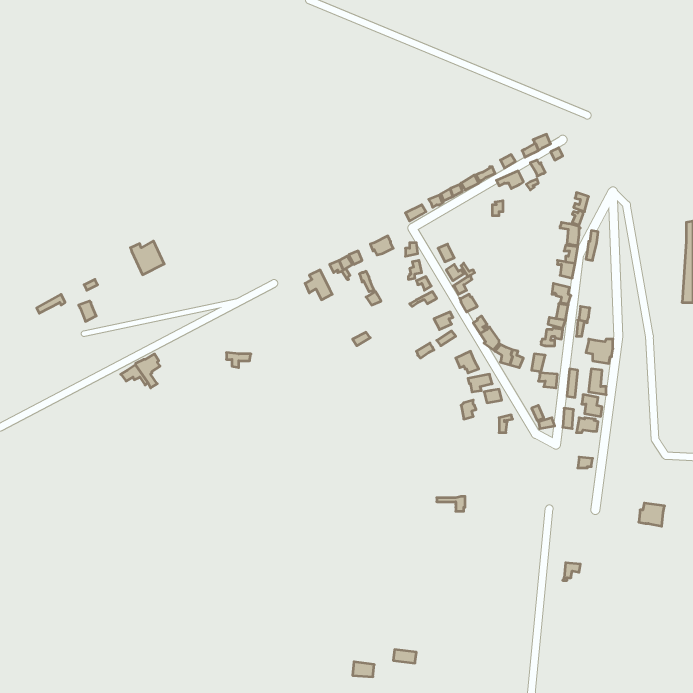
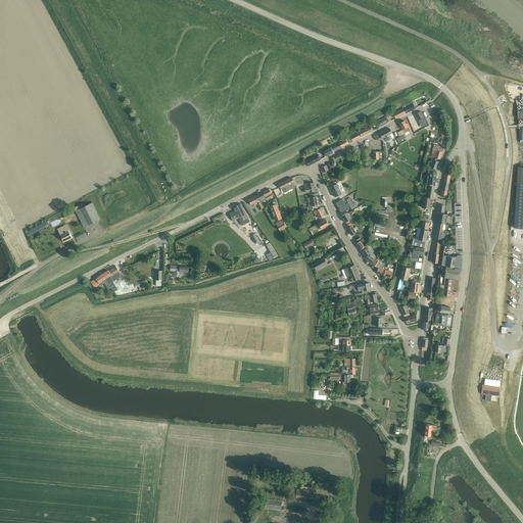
building: [130,241,164,275] -> [75,202,100,228]

